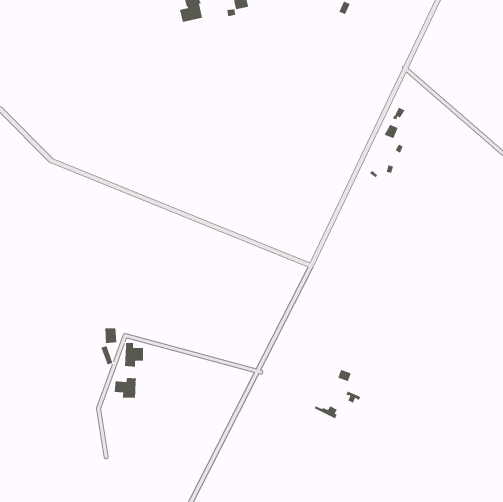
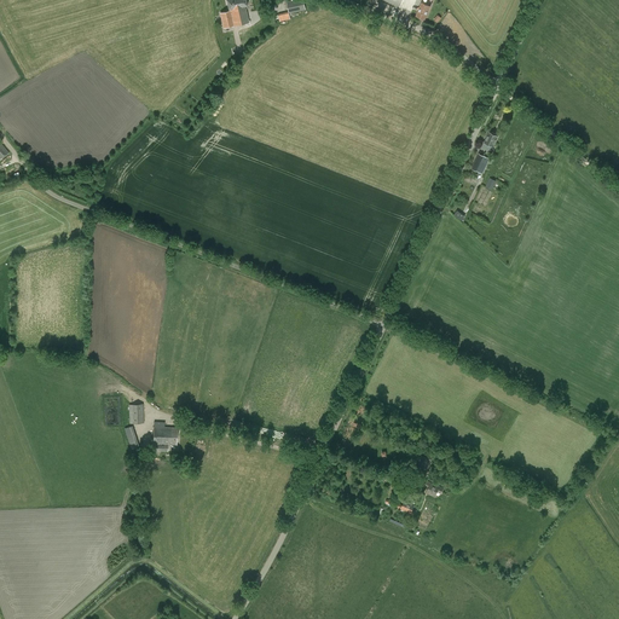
building: [114,377,136,398] -> none

